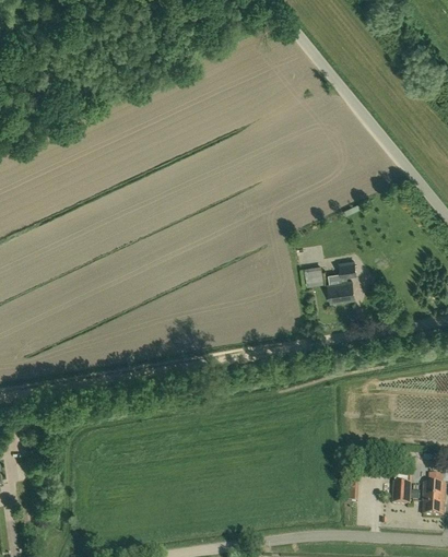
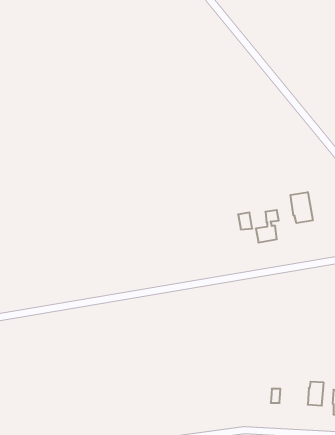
building: none -> [290,192,313,223]

